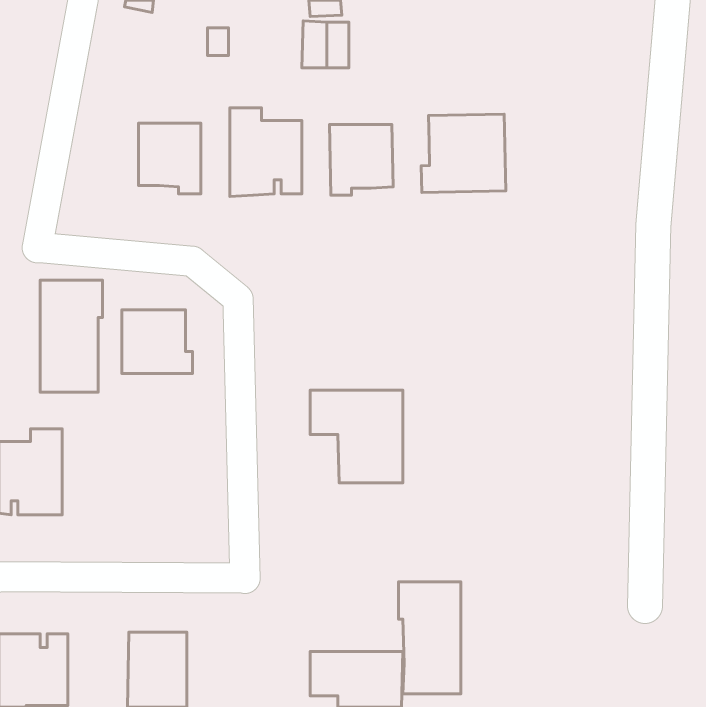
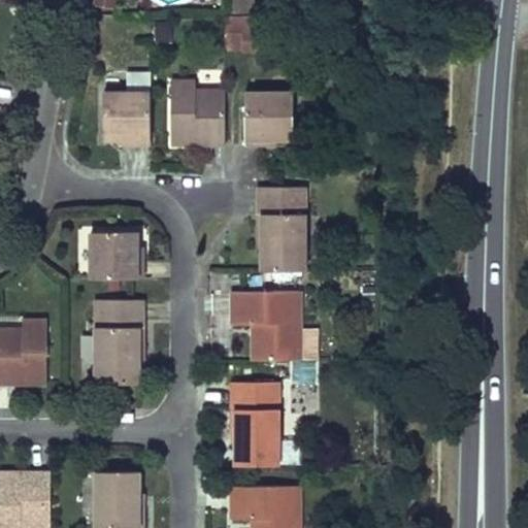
building: [421,114,506,192] -> none
building: none -> [258,187,304,270]
building: [40,280,102,392] -> [96,300,142,384]
building: [399,582,461,694] -> [232,382,278,465]

